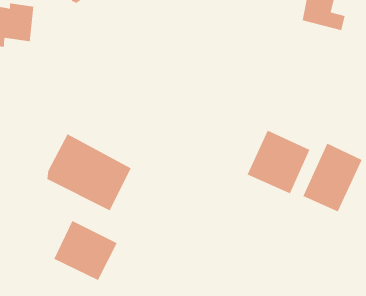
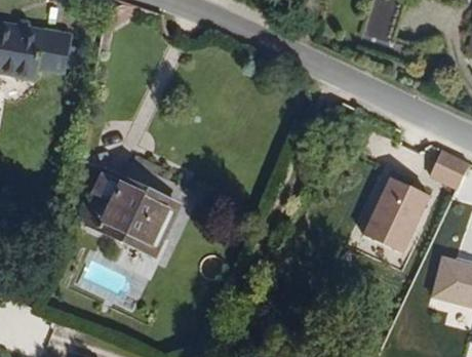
building: [247,130,310,194] -> none
building: [53,220,118,281] -> none

